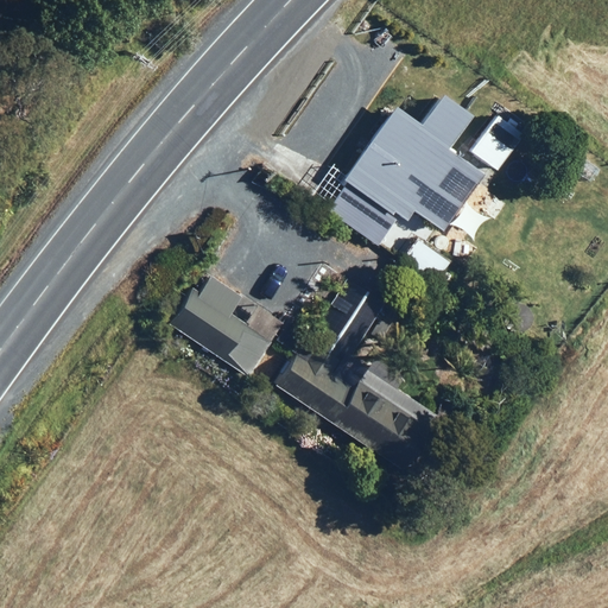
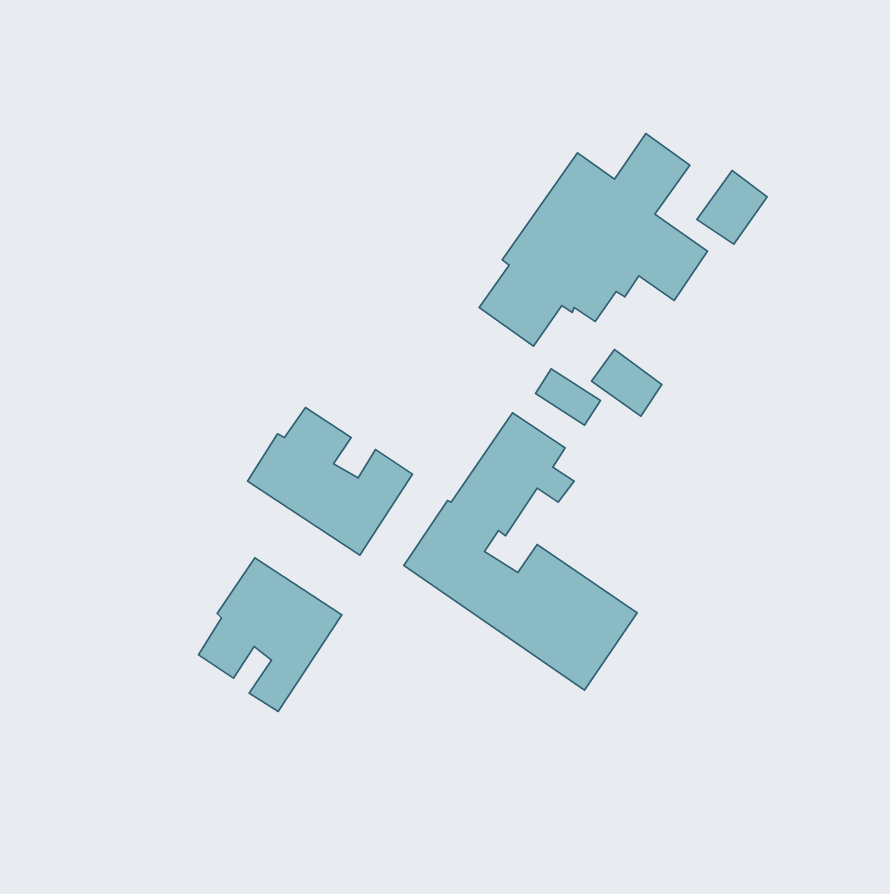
building: none -> [198,558,342,712]

